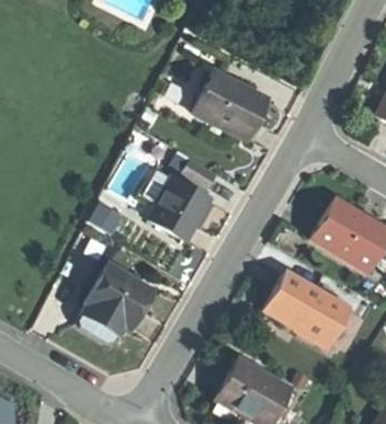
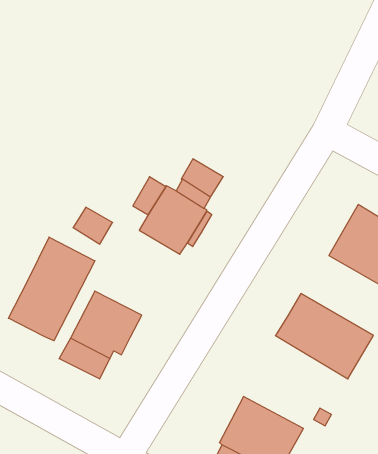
building: [196,69,269,137] -> none
building: none -> [8,237,95,341]

